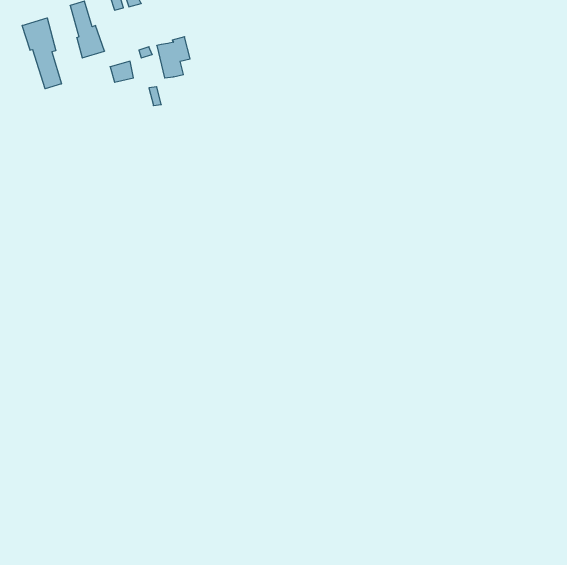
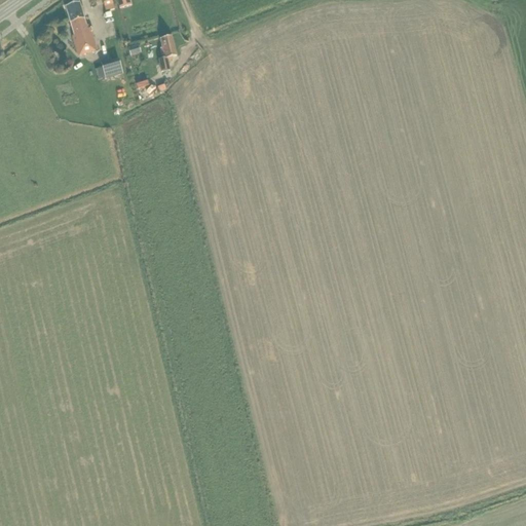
building: [22,18,61,89] -> none

